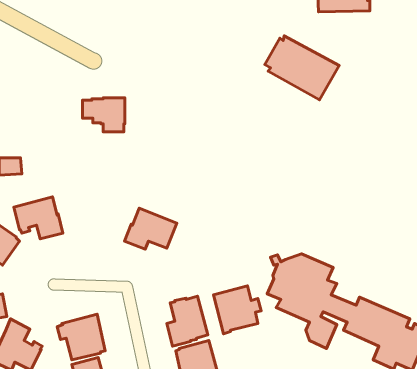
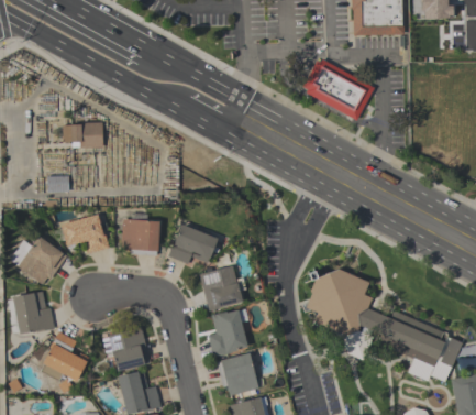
building: [83,98,125,132] -> [63,122,103,155]
building: none -> [121,219,160,255]
building: [213,286,261,334] -> [200,265,246,312]

